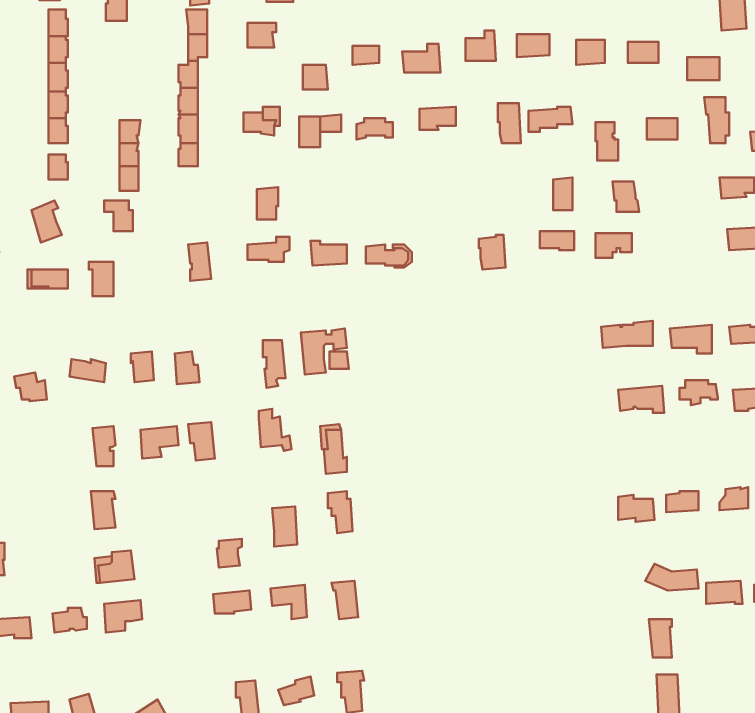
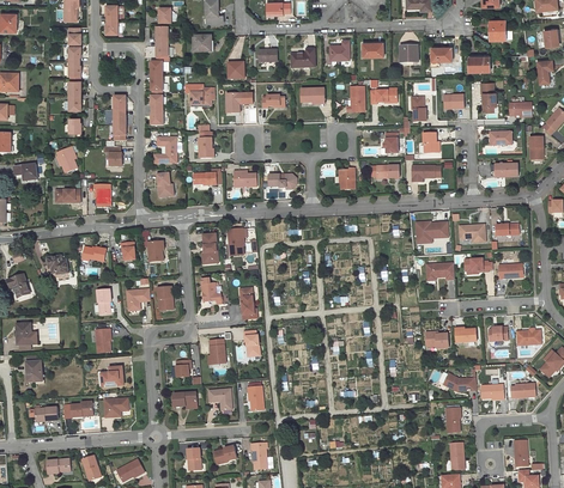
building: none -> [153,138,181,164]

